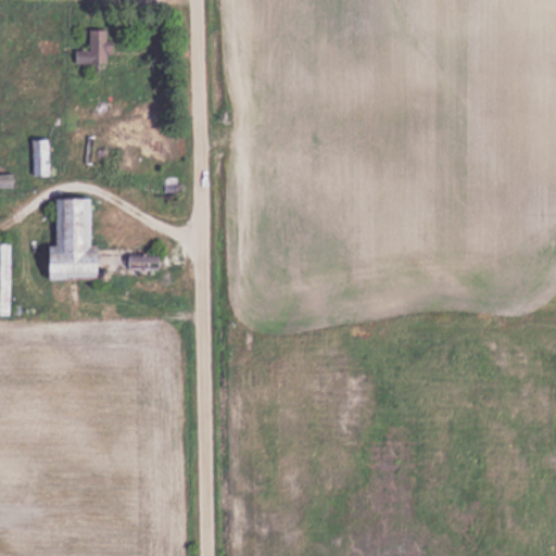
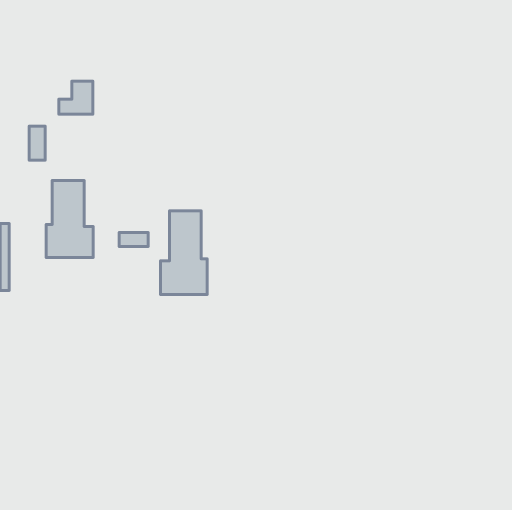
building: [74,29,111,65] -> [59,81,93,114]
building: none -> [160,211,207,295]

